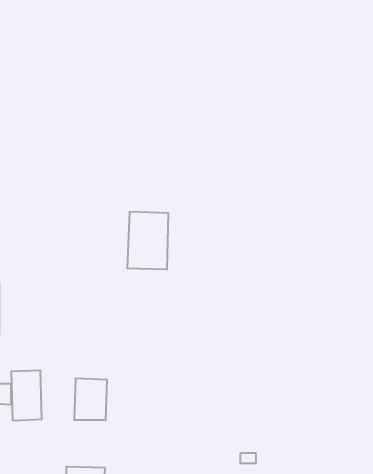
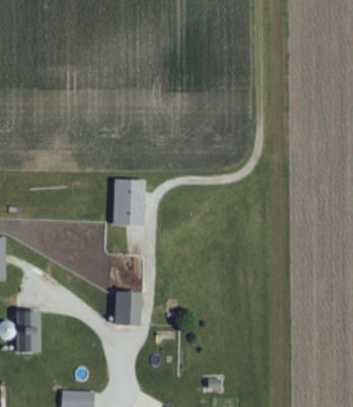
building: [74,379,107,420] -> [115,290,142,325]

